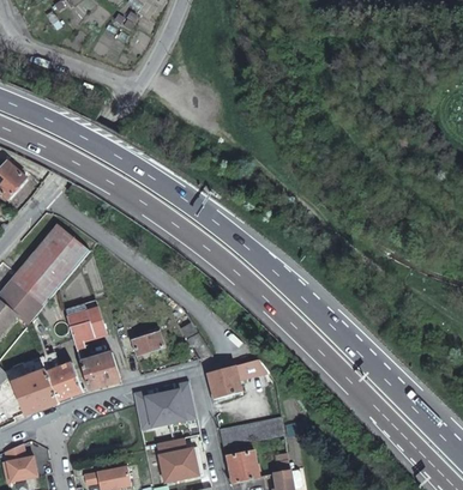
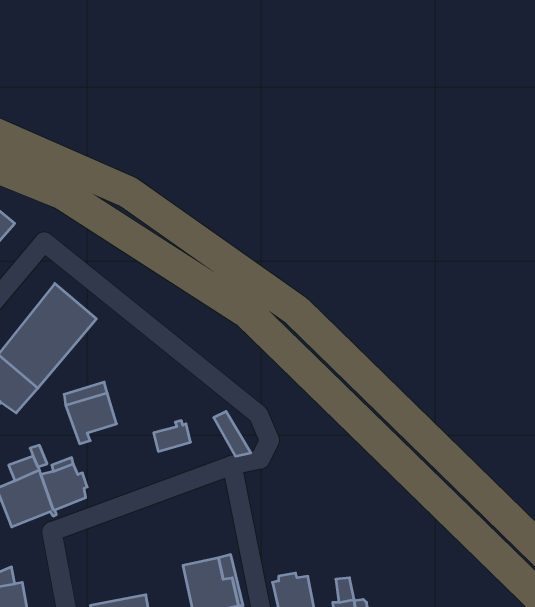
building: [79,352,120,389] -> none
building: [206,359,260,403] -> none
building: [134,387,184,430] -> none
building: [217,417,283,447] -> none

